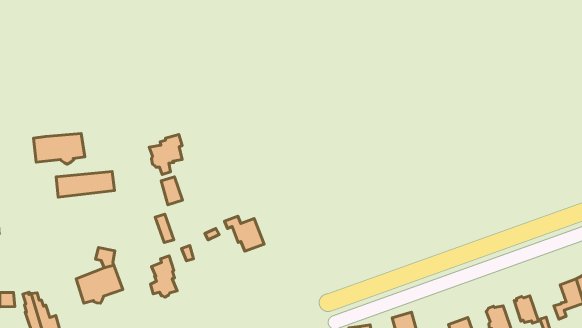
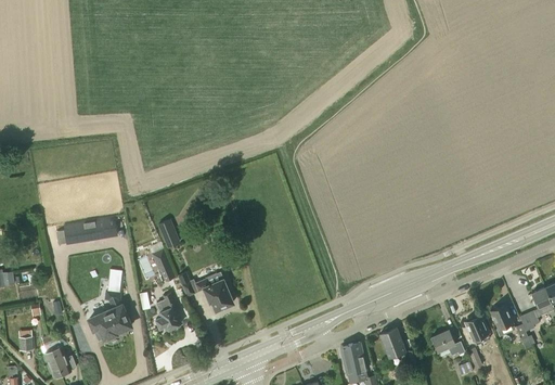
building: [34,133,85,164] -> none
building: [149,135,182,175] -> none
building: [224,216,264,251] -> [195,279,233,310]

